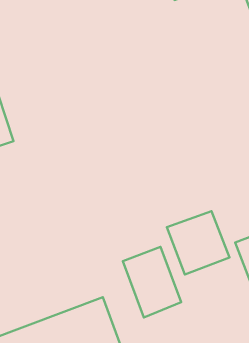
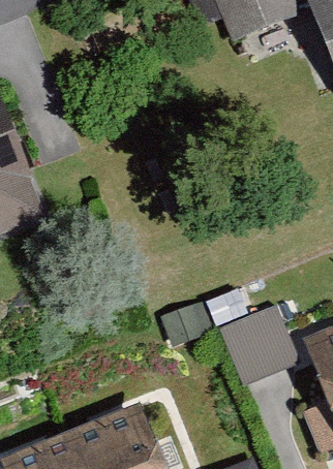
building: [123,247,181,317] -> none

